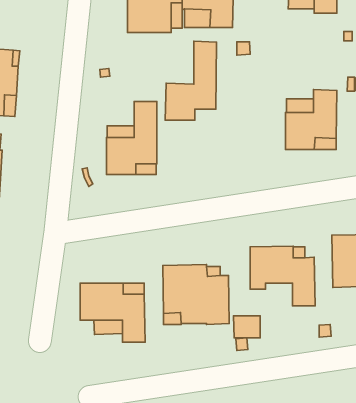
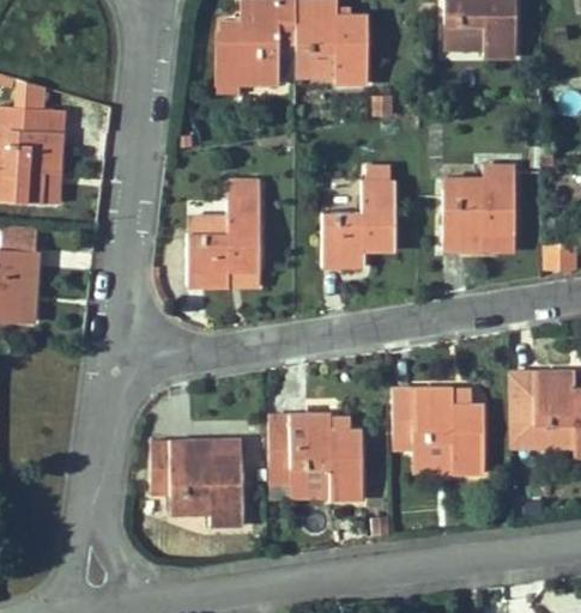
building: [165,41,217,120] -> [322,153,395,266]
building: [233,316,260,338] -> [414,441,453,472]

